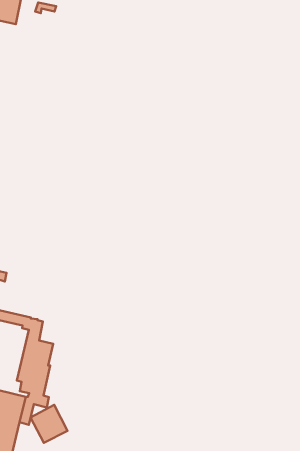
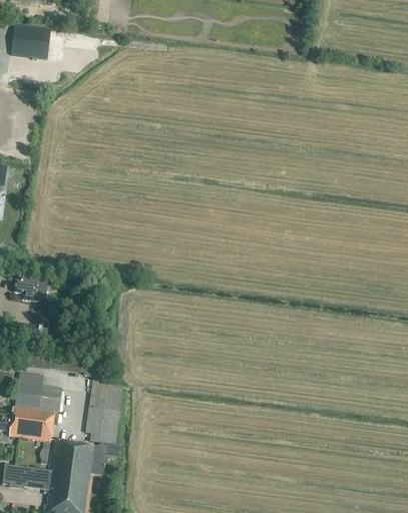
building: [31,405,68,443] -> none

